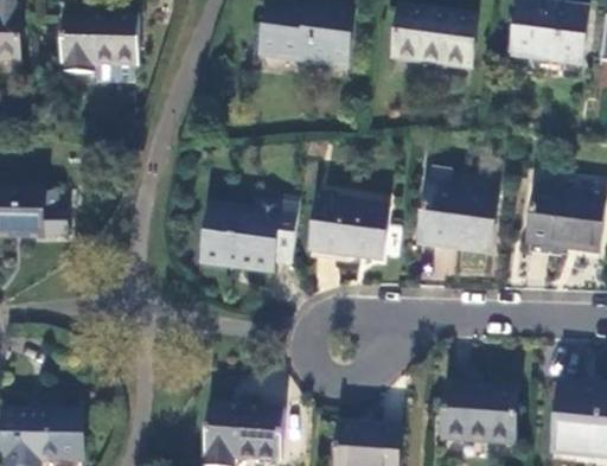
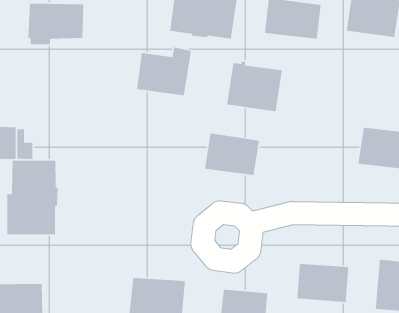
building: [417,183,498,256] -> [226,61,283,112]
building: [199,199,279,270] -> [136,46,192,96]
building: none -> [6,160,58,235]

